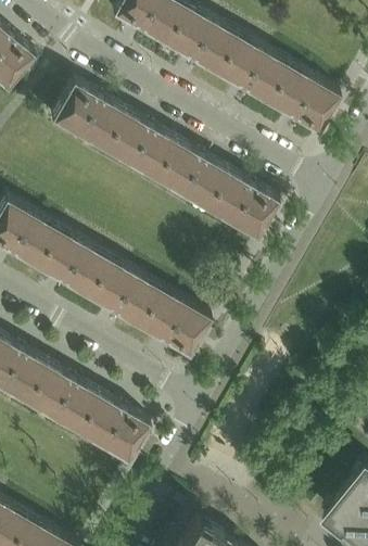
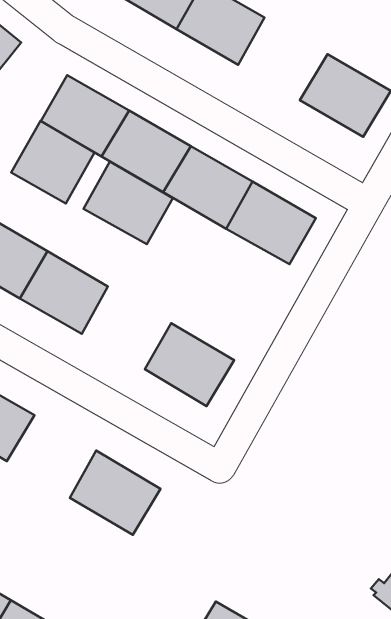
building: [214,35,288,103] -> none
building: none -> [11,121,94,204]
building: [85,257,158,326] -> [84,161,173,244]
building: [23,364,97,432] -> none

